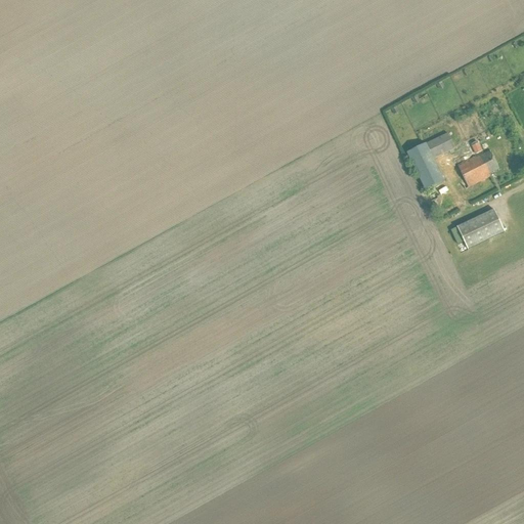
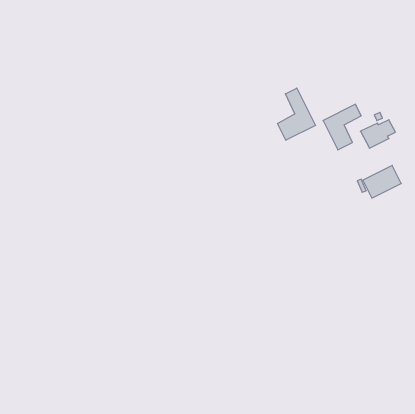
building: none -> [278,88,316,140]

